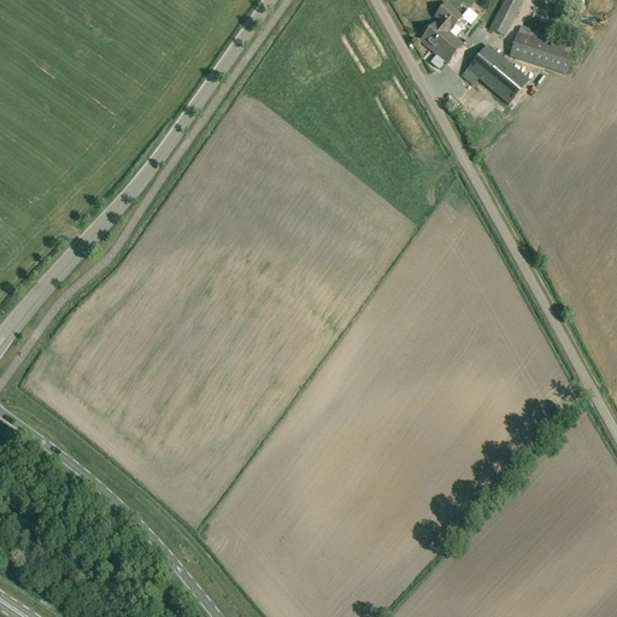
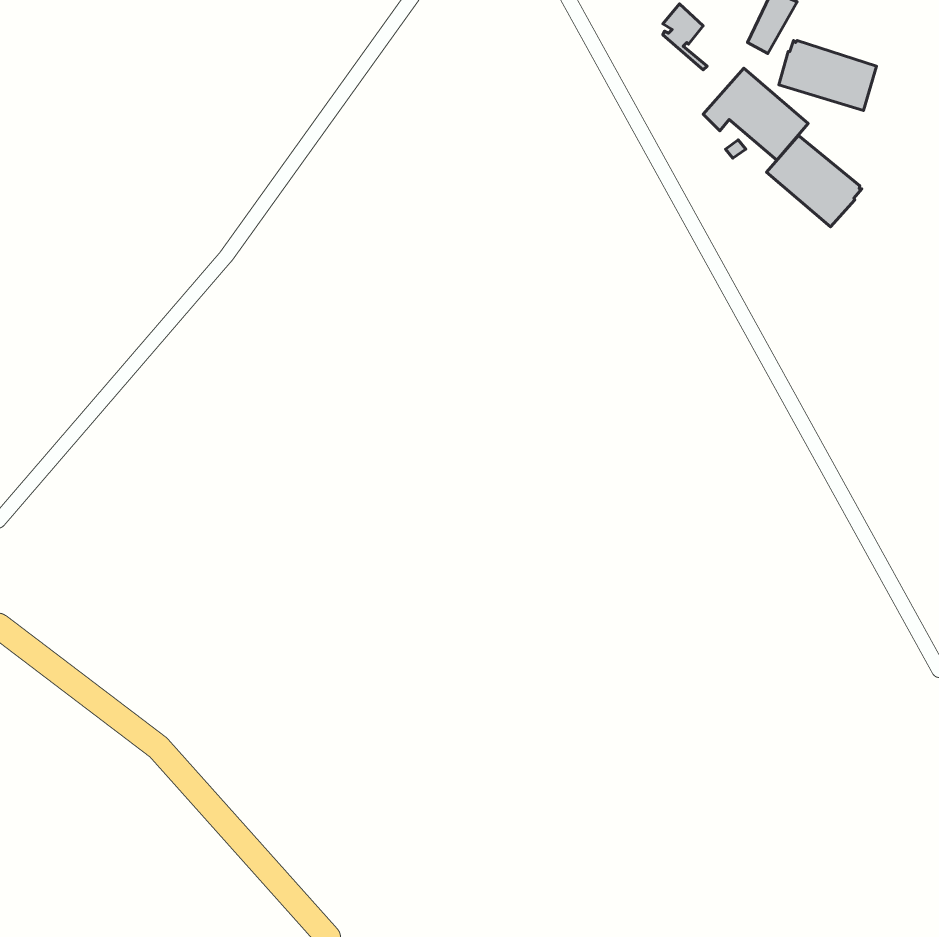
building: [419,23,460,63] -> none
building: none -> [767,135,862,227]

